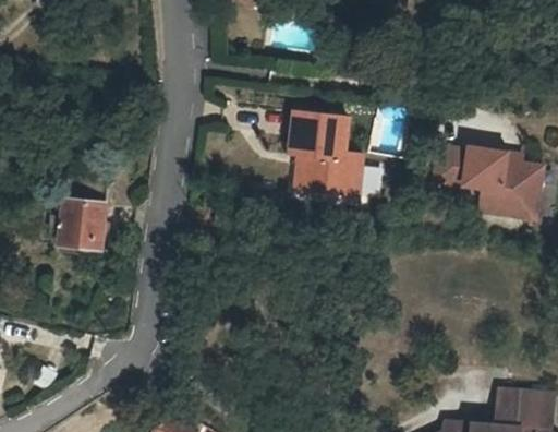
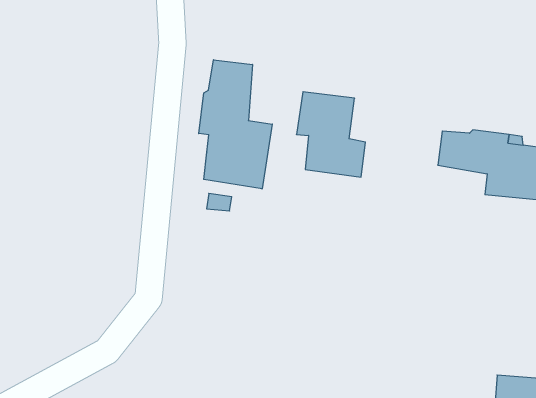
building: none -> [199,60,272,189]
building: [57,180,104,249] -> none

